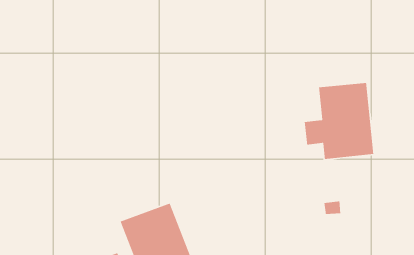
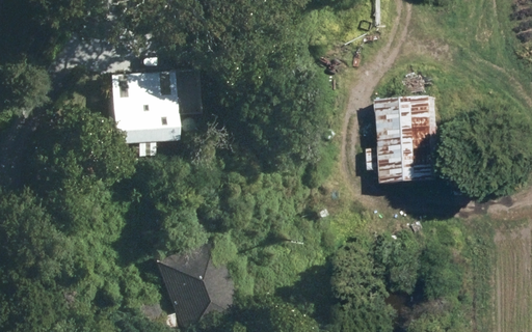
building: none -> [108,70,176,141]

